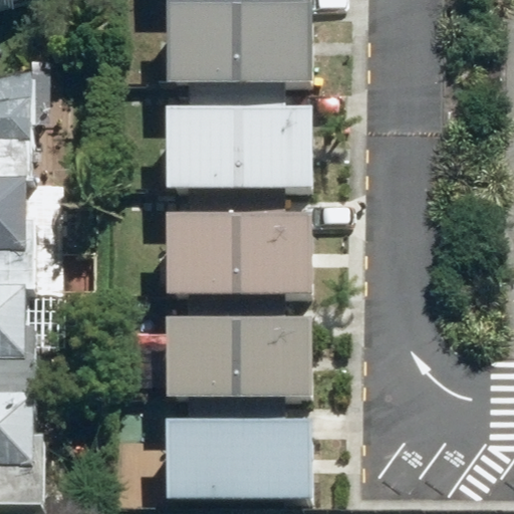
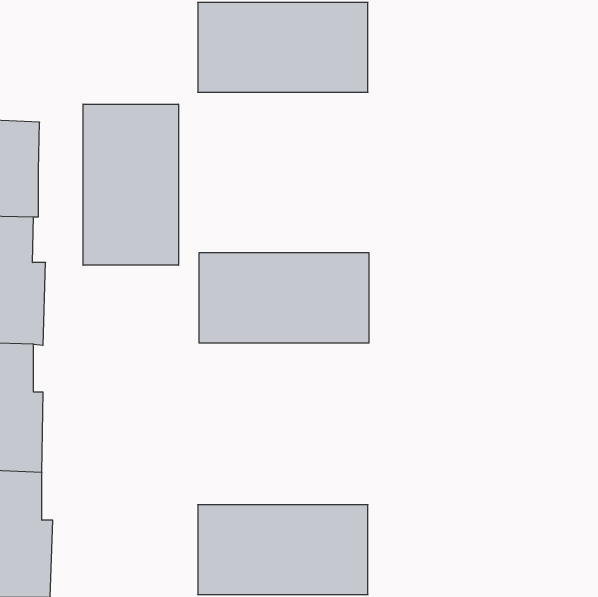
building: none -> [83,104,178,265]
building: [168,108,310,184] -> none
building: [168,318,310,394] -> none

